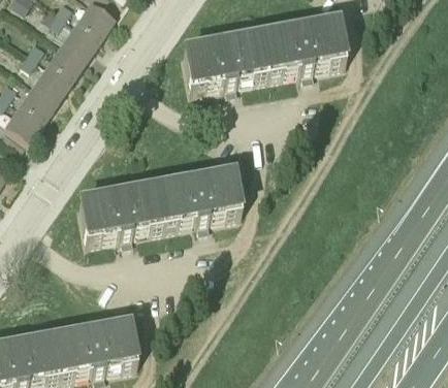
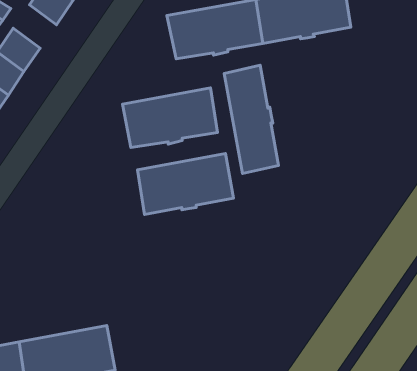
building: [49,39,87,77] -> none
building: none -> [224,65,279,173]
building: [81,185,164,237] -> [122,88,217,148]

